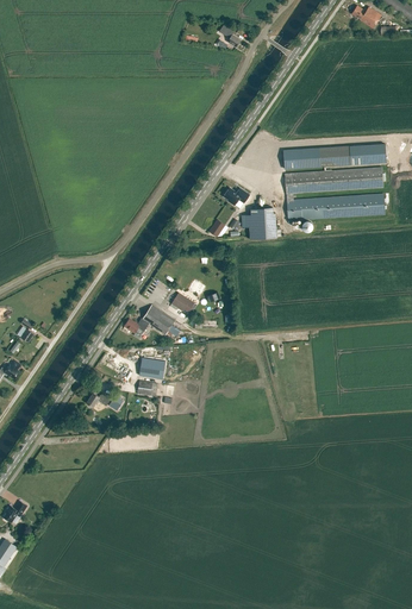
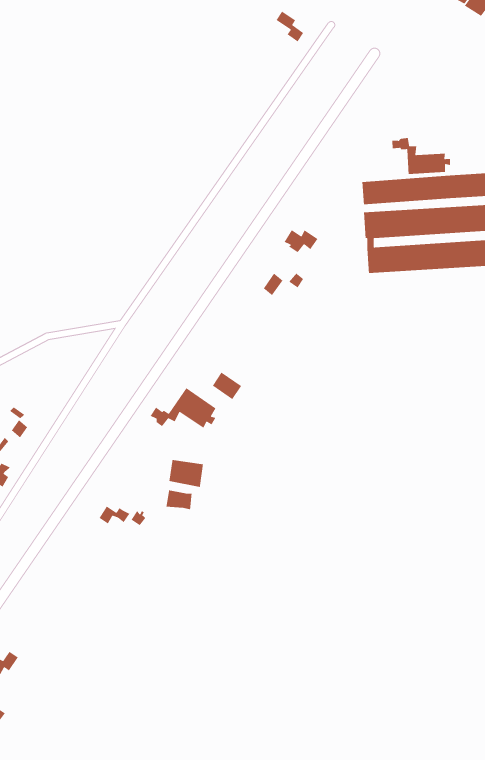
building: none -> [391,137,451,175]
building: [242,207,277,239] -> none

